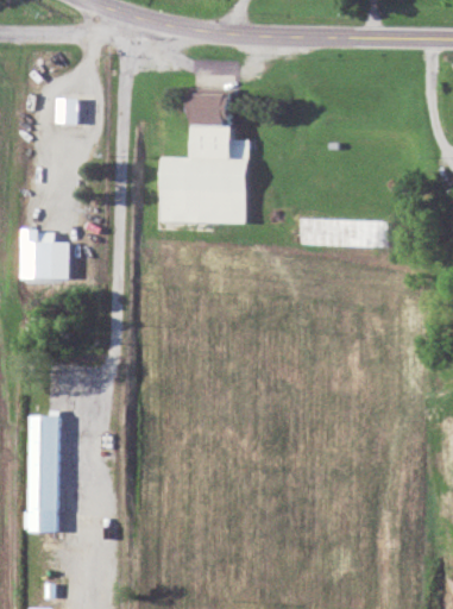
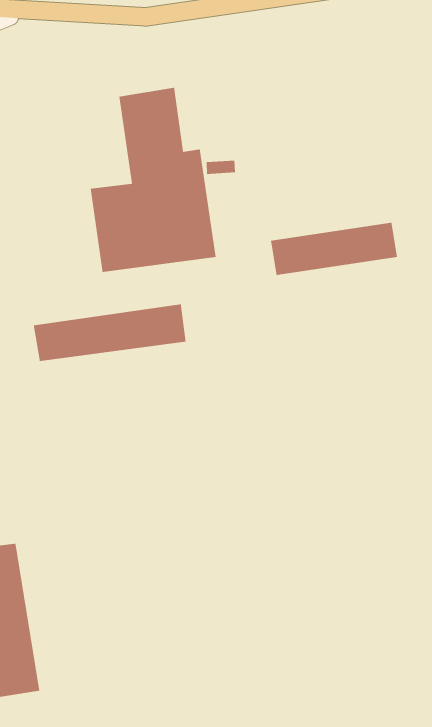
building: none -> [33,304,186,362]

